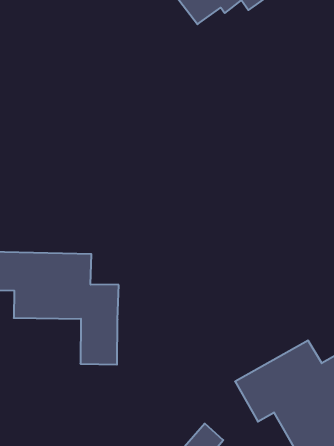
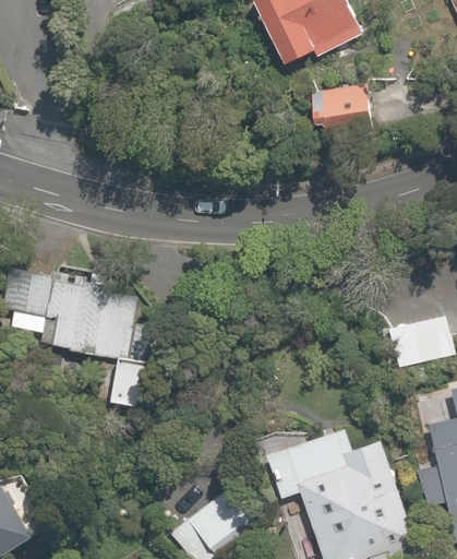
building: none -> [321,91,375,141]

